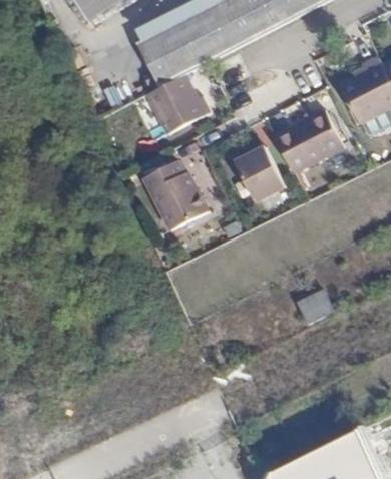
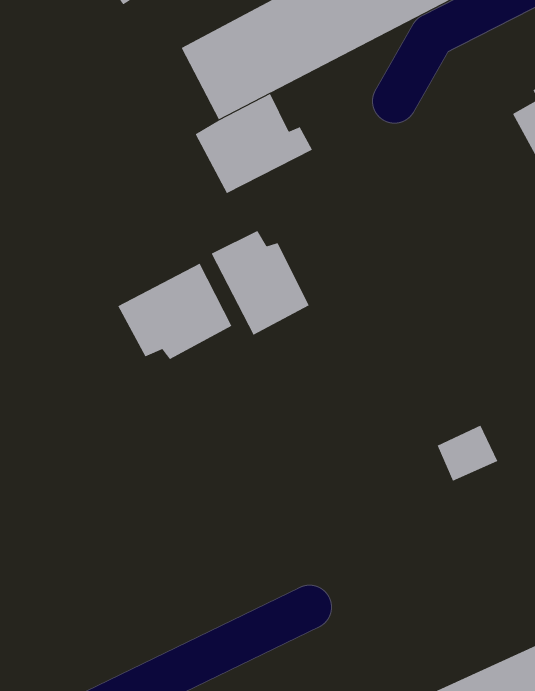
building: [275,110,342,172] -> none
building: [238,144,287,199] -> none
building: none -> [118,263,232,360]

